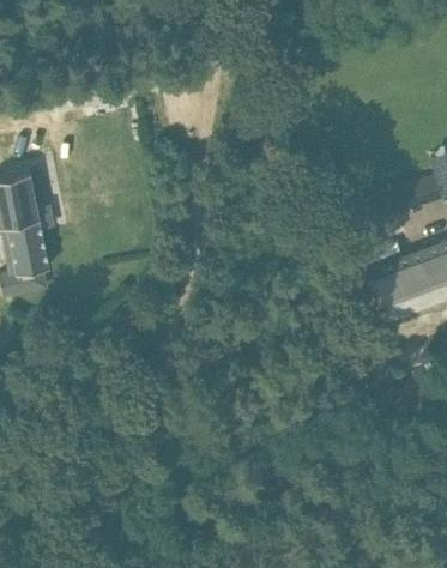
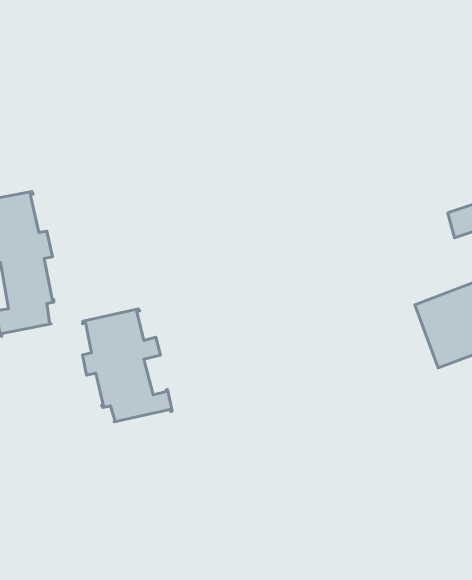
building: none -> [82,309,172,422]

